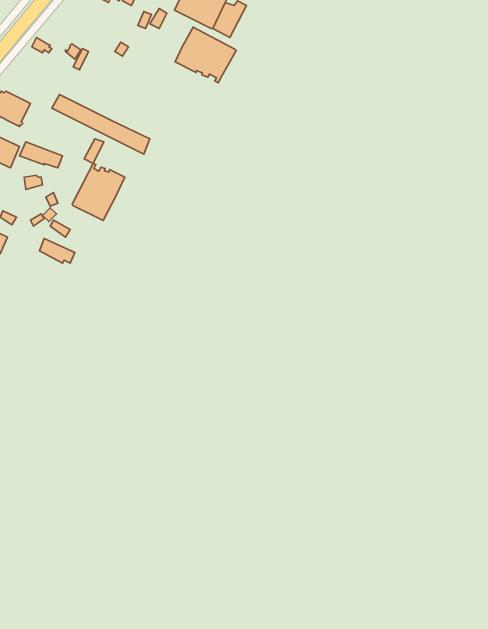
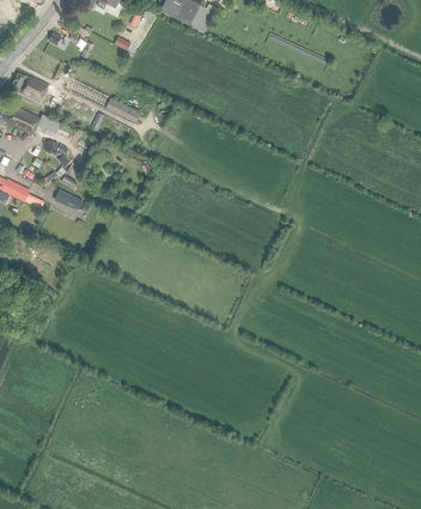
building: [175,27,236,83] -> none
building: [72,163,125,220] -> none

